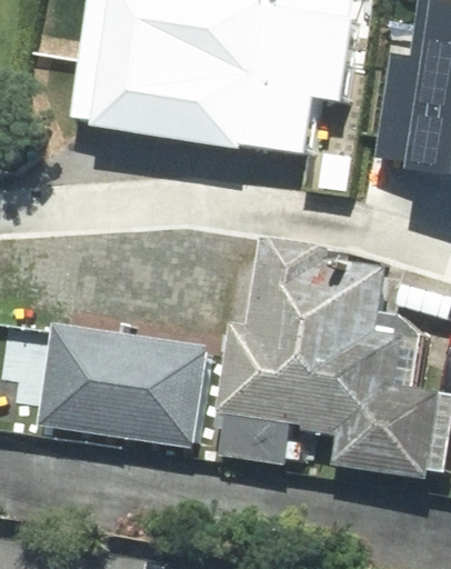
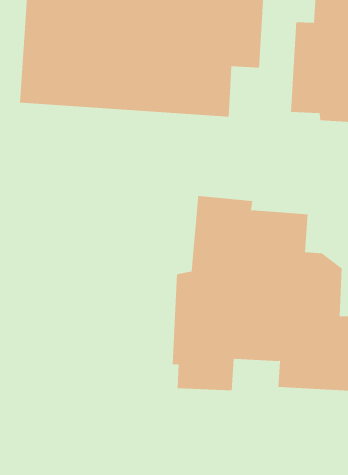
building: [38,323,207,447] -> none

